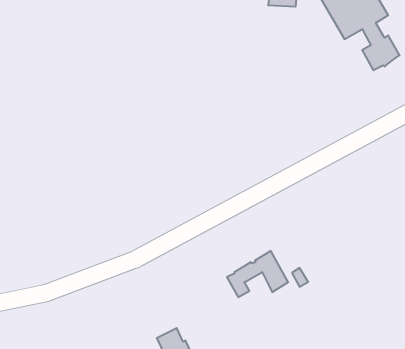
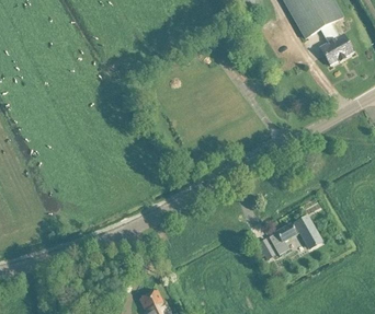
building: [227,251,288,297] -> [270,213,323,254]

